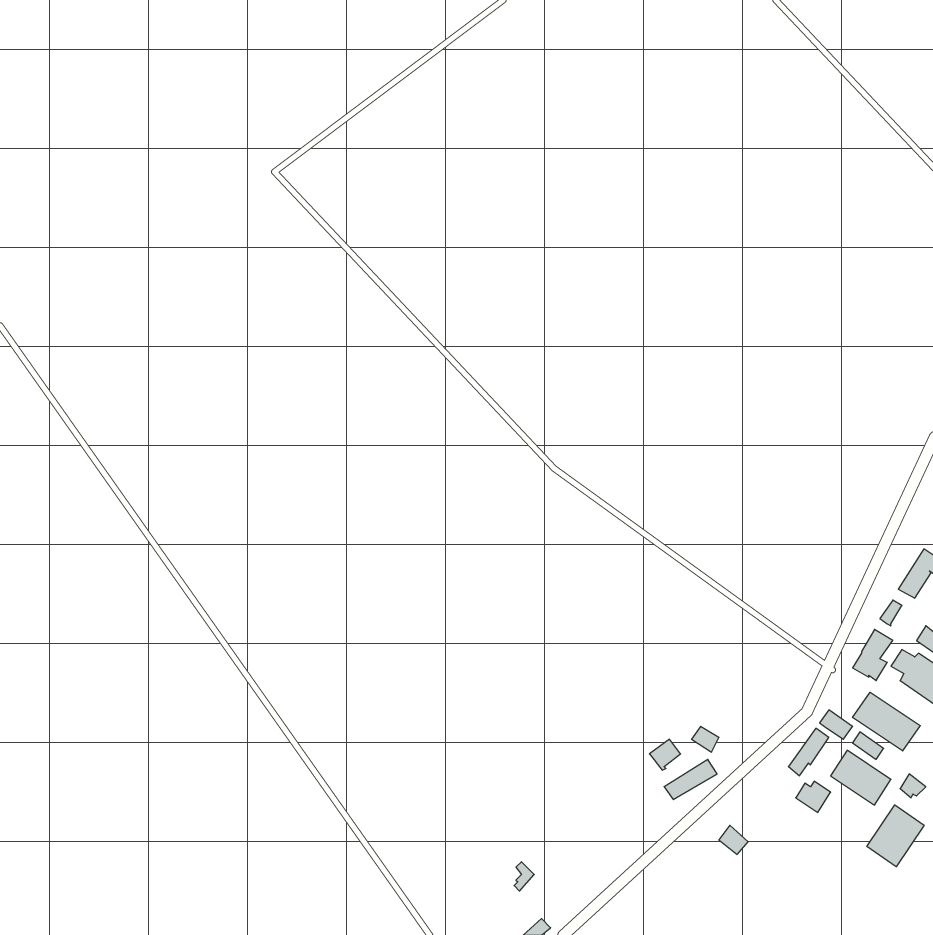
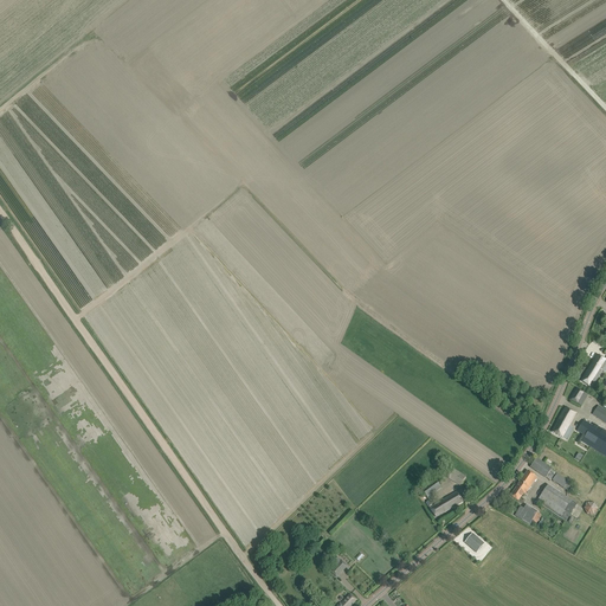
building: [853,692,920,751] -> none
building: [867,805,924,867] -> none

